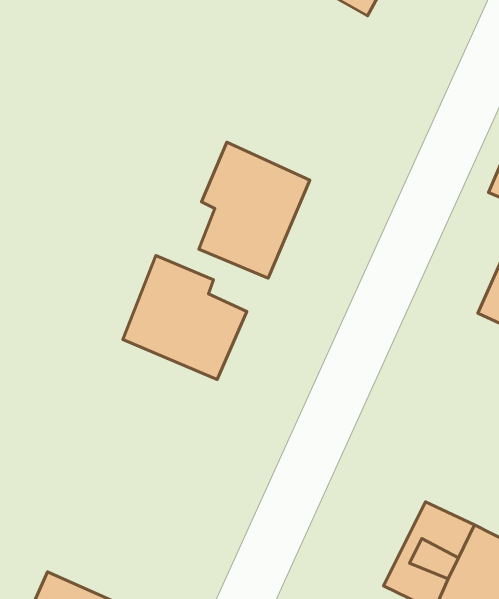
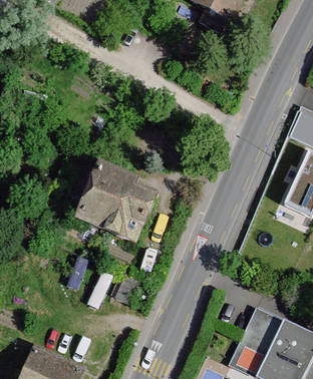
building: [199,142,310,278] -> none

